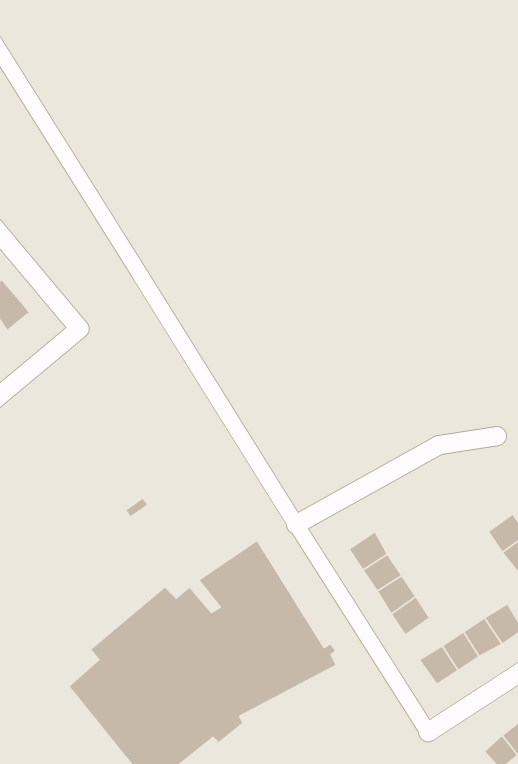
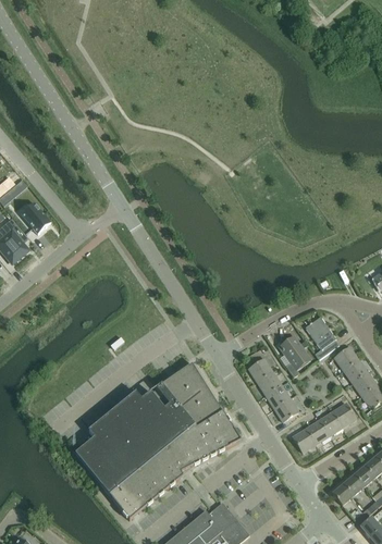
building: none -> [306,316,338,359]
building: none -> [279,335,310,376]

